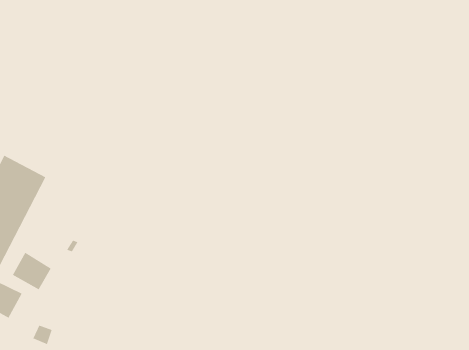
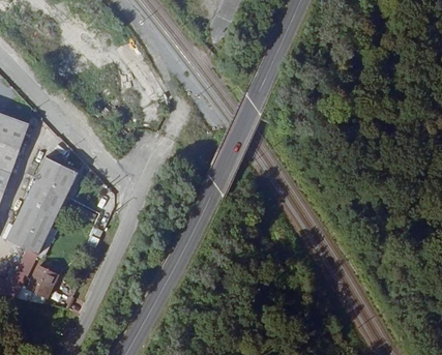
building: [12,252,51,290] -> none

